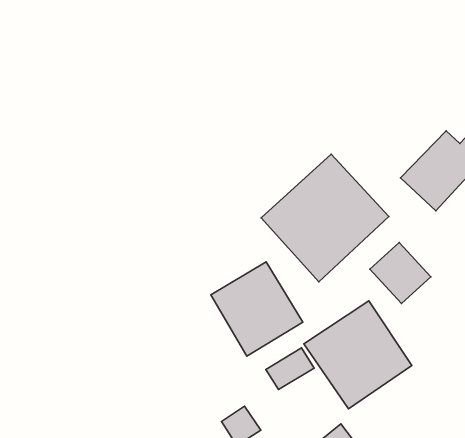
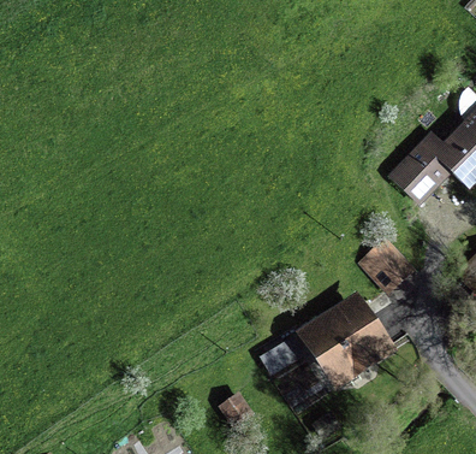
building: [261,154,389,282] -> none
building: [211,262,303,356] -> none

